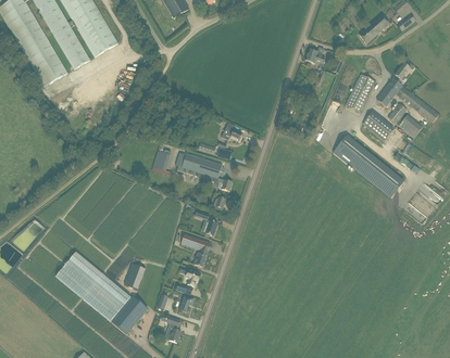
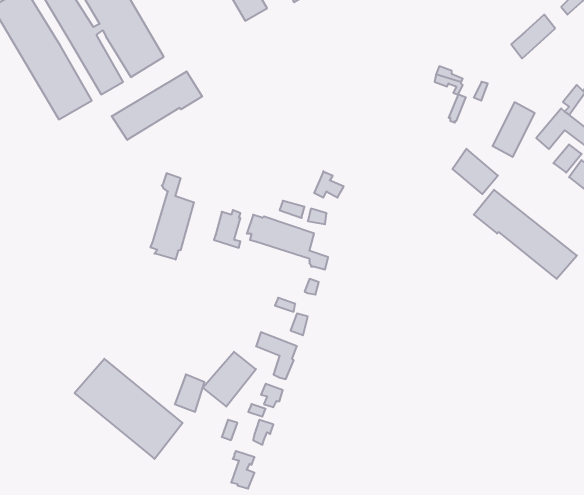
building: none -> [112,71,202,140]
building: [362,108,393,140] -> [452,149,498,194]
building: none -> [151,173,194,260]
building: [110,295,147,333] -> [203,352,256,407]

